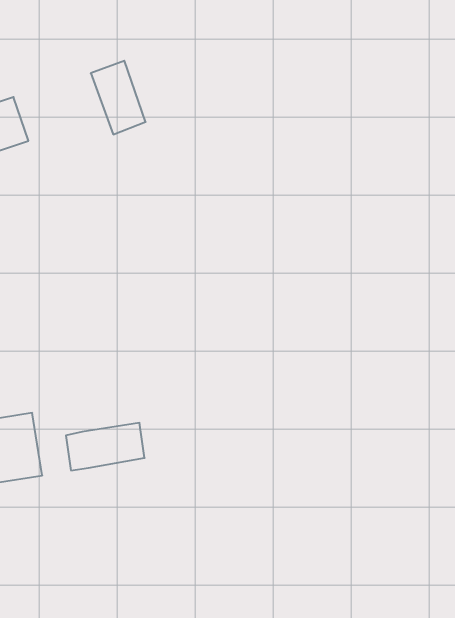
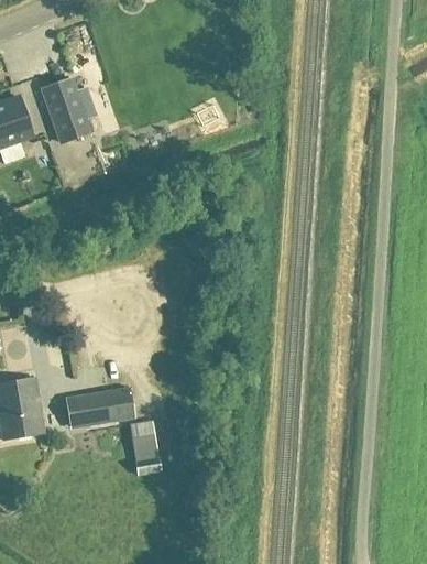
building: [91,61,146,134] -> [43,79,91,144]
building: none -> [130,420,161,475]

